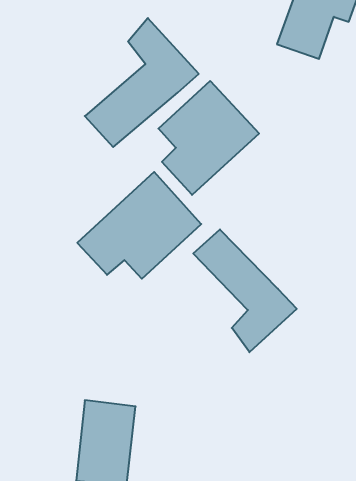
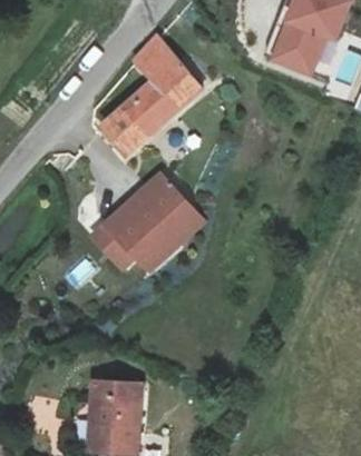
building: [158,81,259,195] -> none
building: [193,229,297,352] -> none

